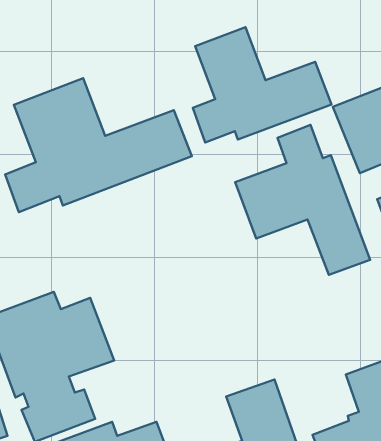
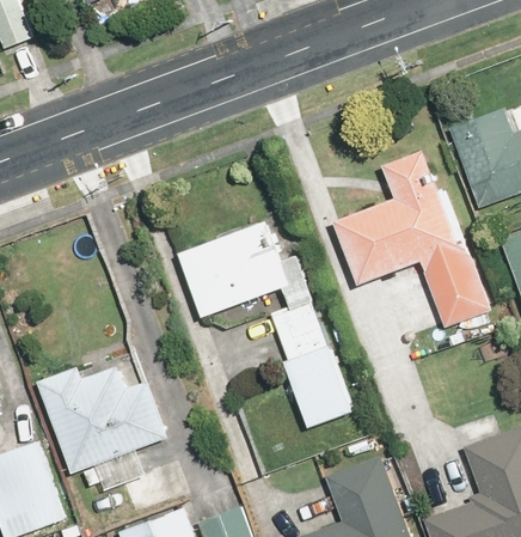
building: [193,27,332,143] -> none
building: [5,78,192,212] -> none
building: none -> [178,218,354,427]

